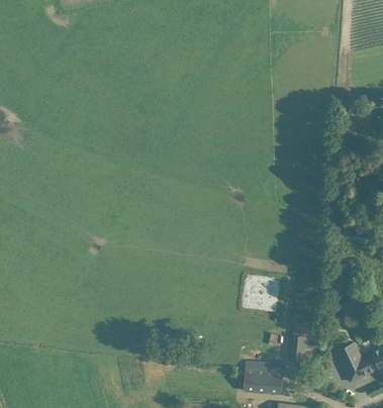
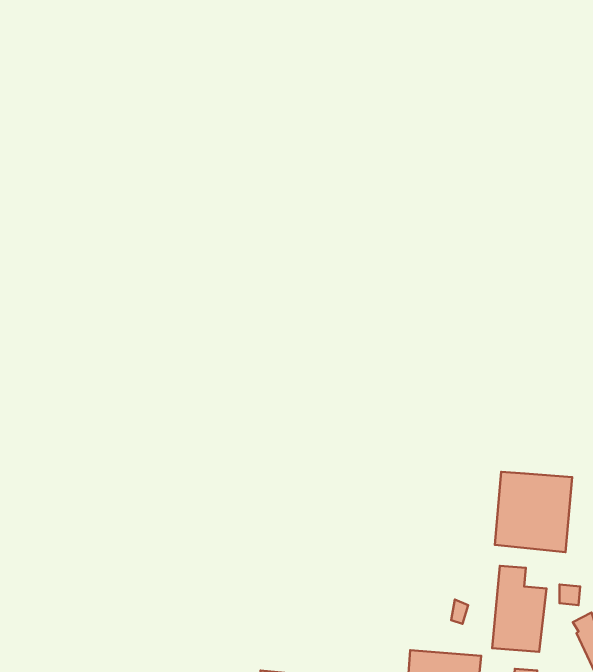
building: none -> [495,472,572,552]

